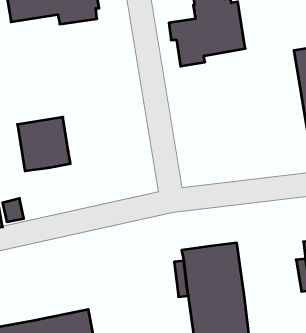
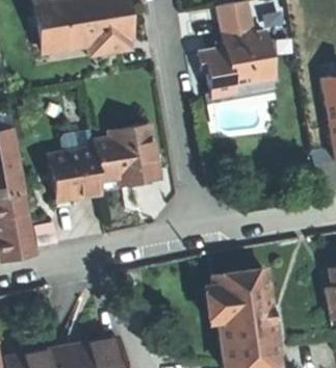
building: none -> [93,123,158,179]

